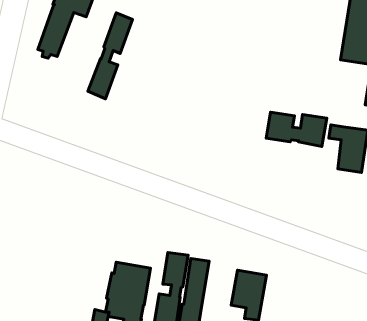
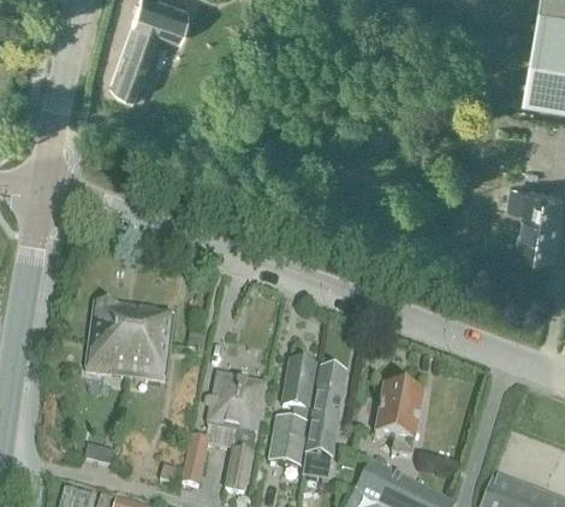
building: [88,13,132,99] -> none
building: [266,112,327,146] -> none
building: none -> [85,305,171,383]

